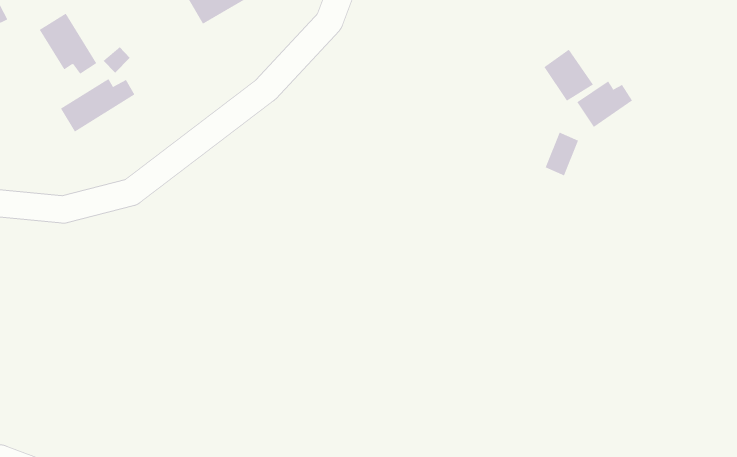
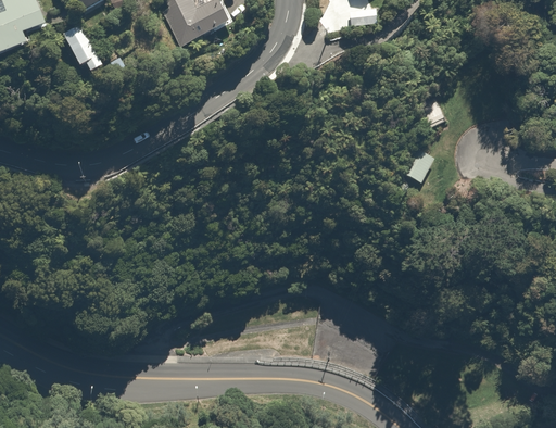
building: [60,78,135,132] -> none
building: [577,81,633,128] -> none

